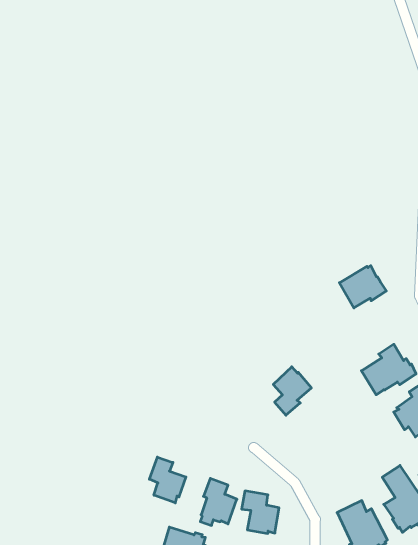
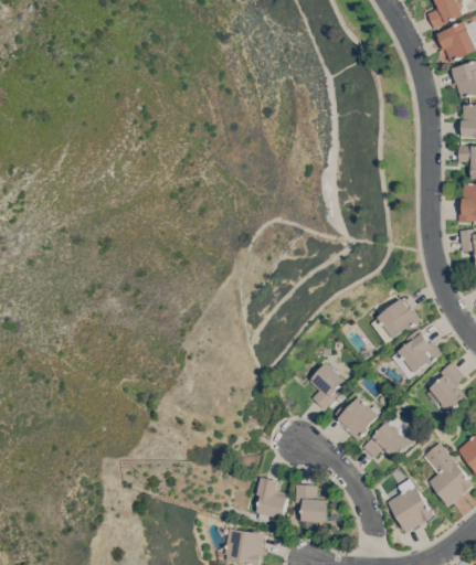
building: [339,266,386,308] -> [377,297,422,339]
building: none -> [335,392,379,440]
building: none -> [362,417,411,460]
building: [149,457,186,503] -> none

